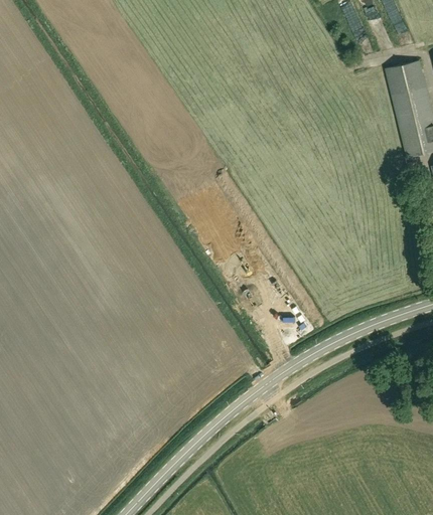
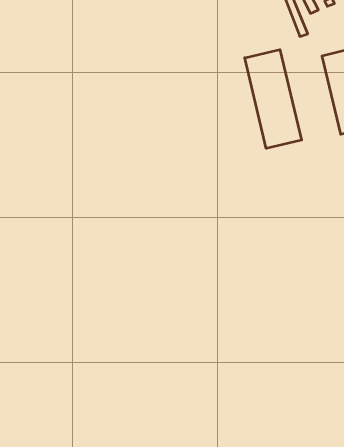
building: none -> [245,50,302,148]

